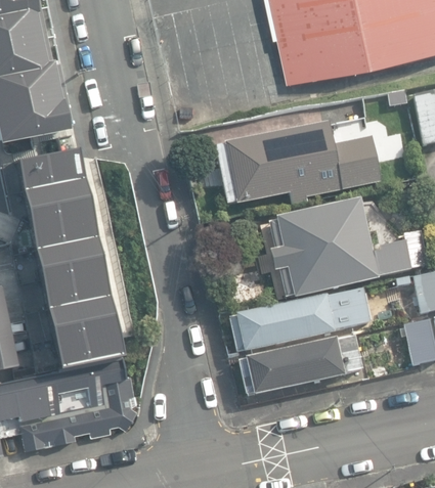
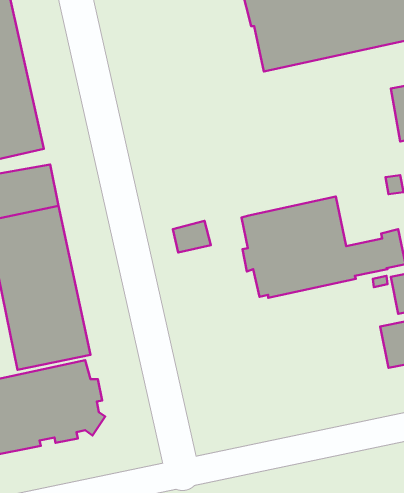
building: [216,122,380,204] -> none
building: [227,286,369,352] -> none
building: [238,334,362,394] -> none

